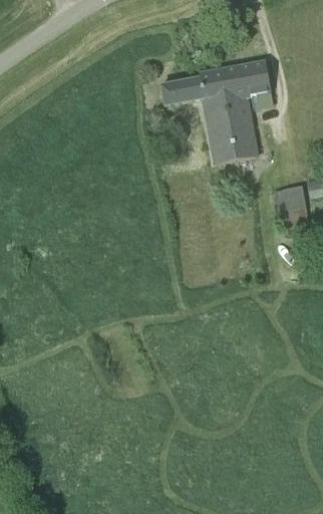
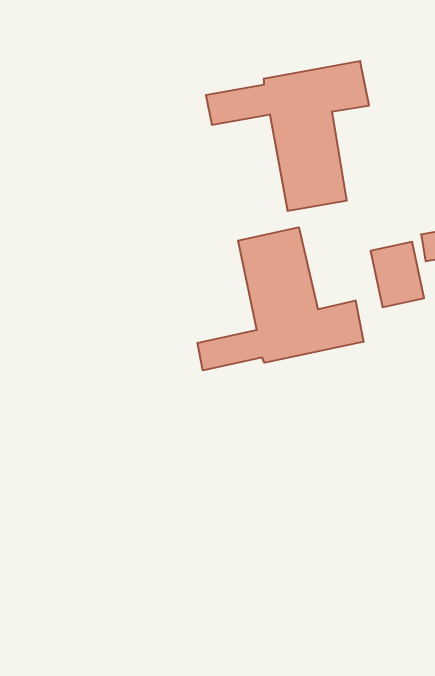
building: none -> [198,227,364,370]

